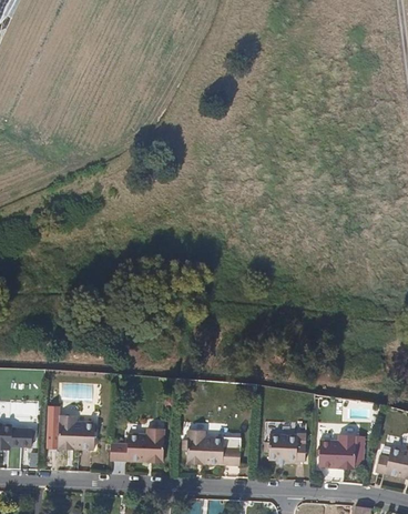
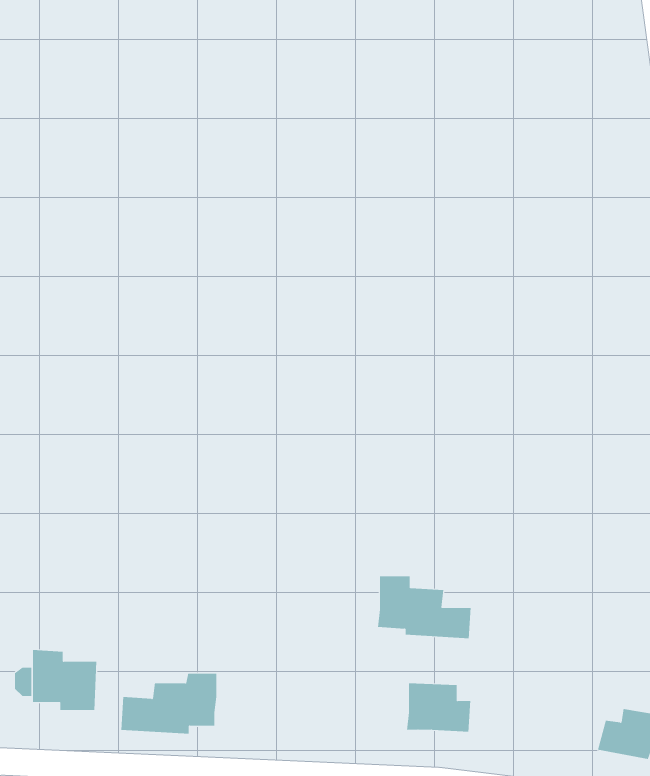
building: [187,429,241,464] -> [377,576,472,639]
building: [319,436,357,471] -> none

